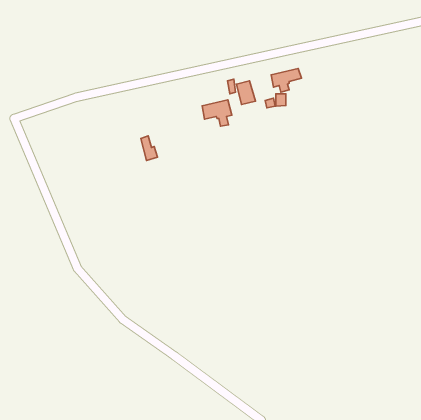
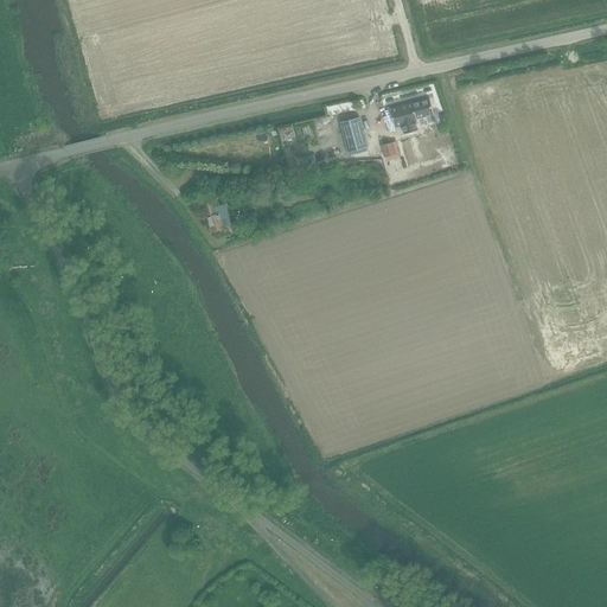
building: [202,100,232,126] -> none

